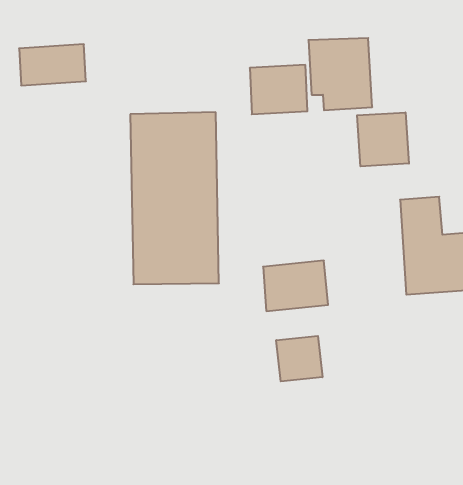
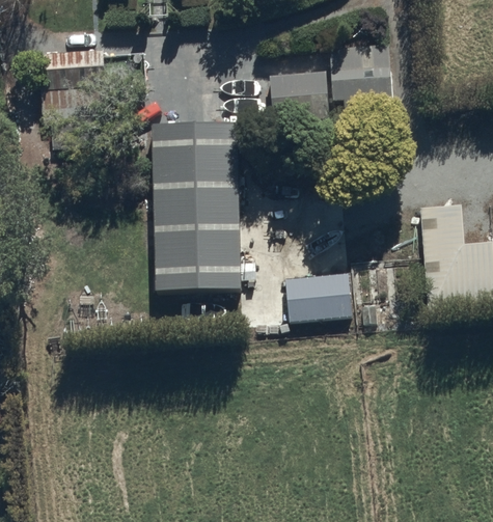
building: [357,112,409,166] -> none
building: [276,336,322,381] -> none

